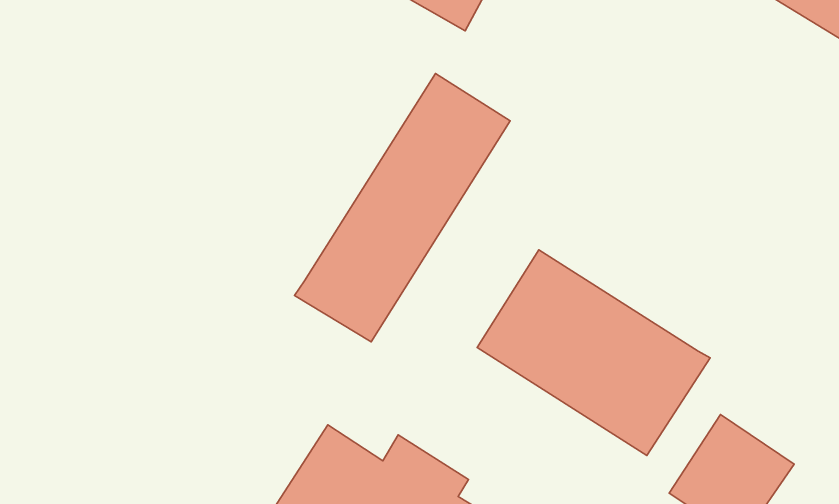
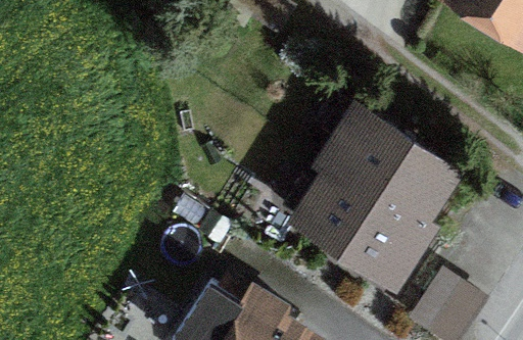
building: [295,74,510,342] -> none
building: none -> [320,105,464,231]

